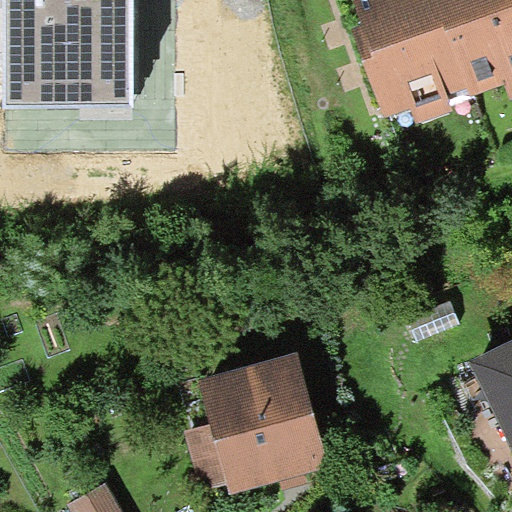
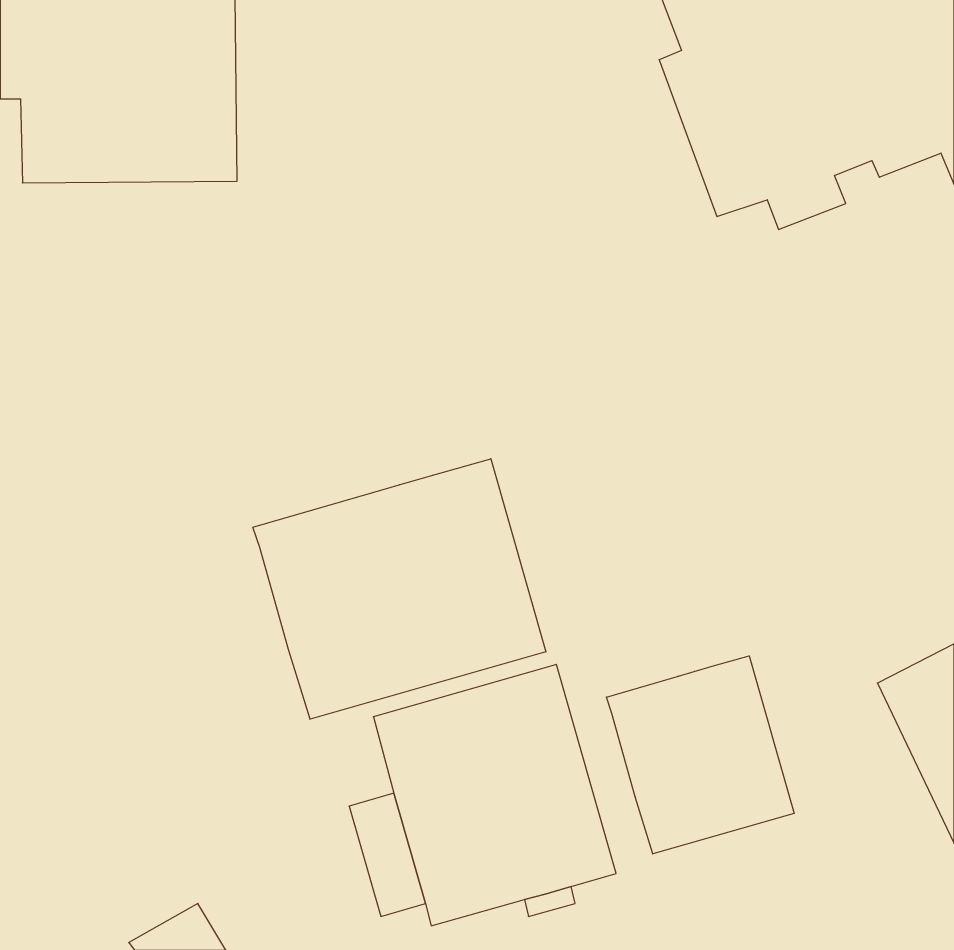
building: none -> [253,459,546,719]
building: none -> [606,656,794,854]

